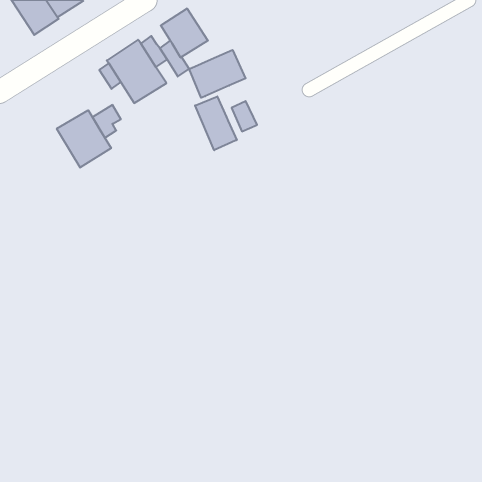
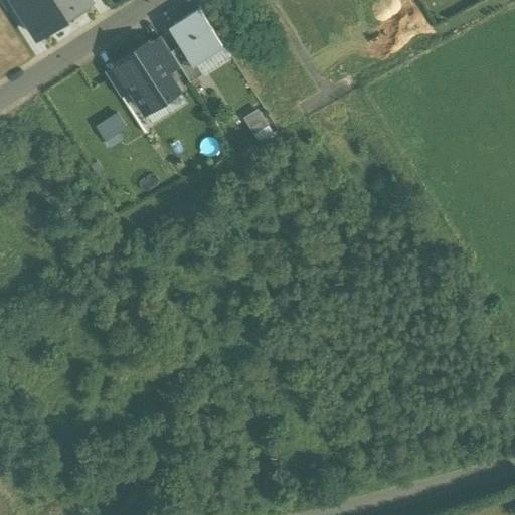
building: [189,50,246,98] -> none
building: [195,96,237,150] -> none
building: [57,110,111,168] -> none

